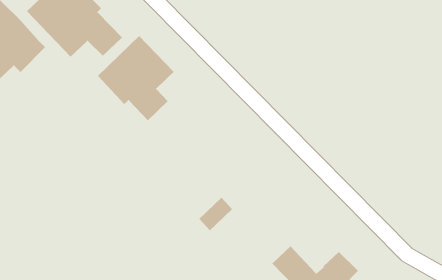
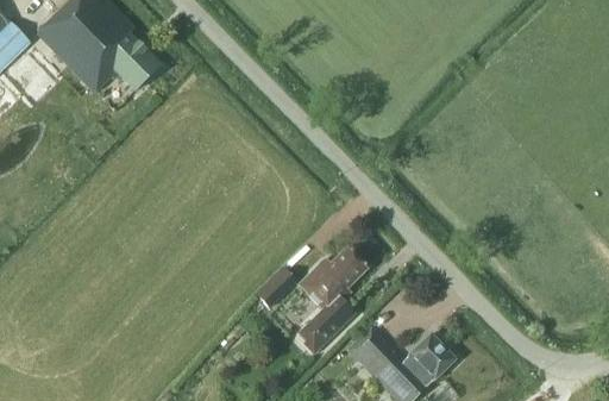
building: [97,35,174,121] -> none
building: none -> [297,246,368,355]

